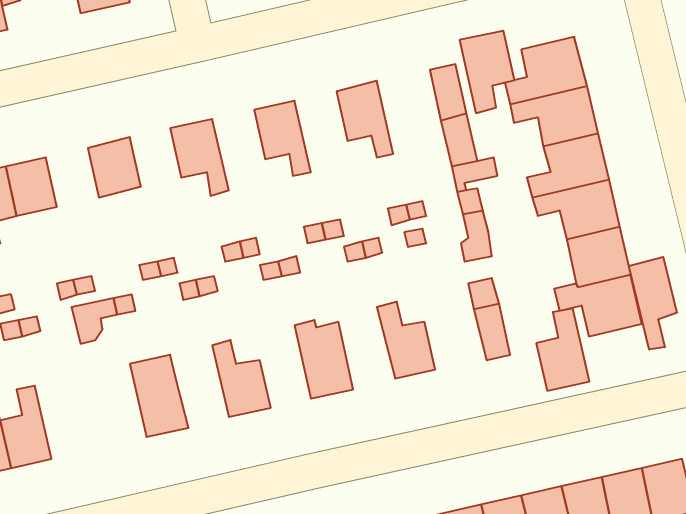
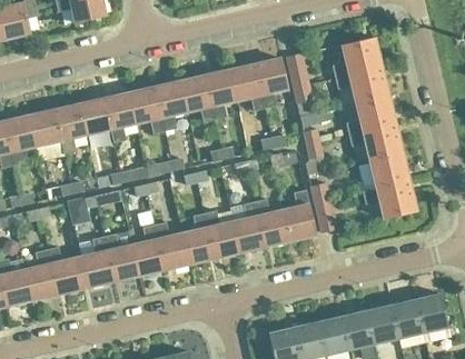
building: [460,31,514,113] -> [254,58,287,108]
building: none -> [204,70,236,119]
building: none -> [154,81,186,130]
building: none -> [103,92,135,142]
building: none -> [52,104,85,153]
building: [629,257,677,350] -> none
building: none -> [230,201,265,251]
building: [536,308,589,391] -> [283,189,315,239]
building: none -> [182,212,214,262]
building: none -> [131,225,164,275]
building: none -> [81,236,113,286]
building: none -> [46,246,81,293]

